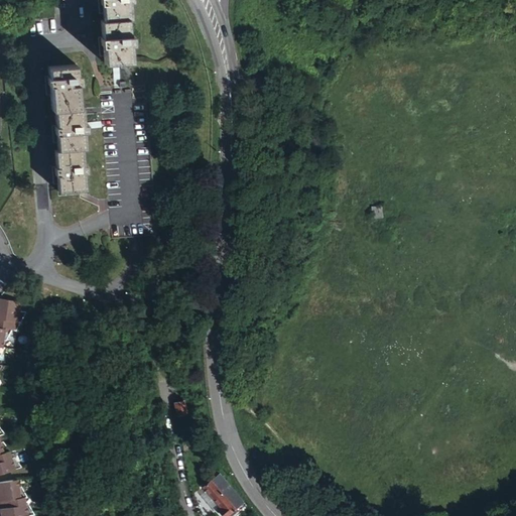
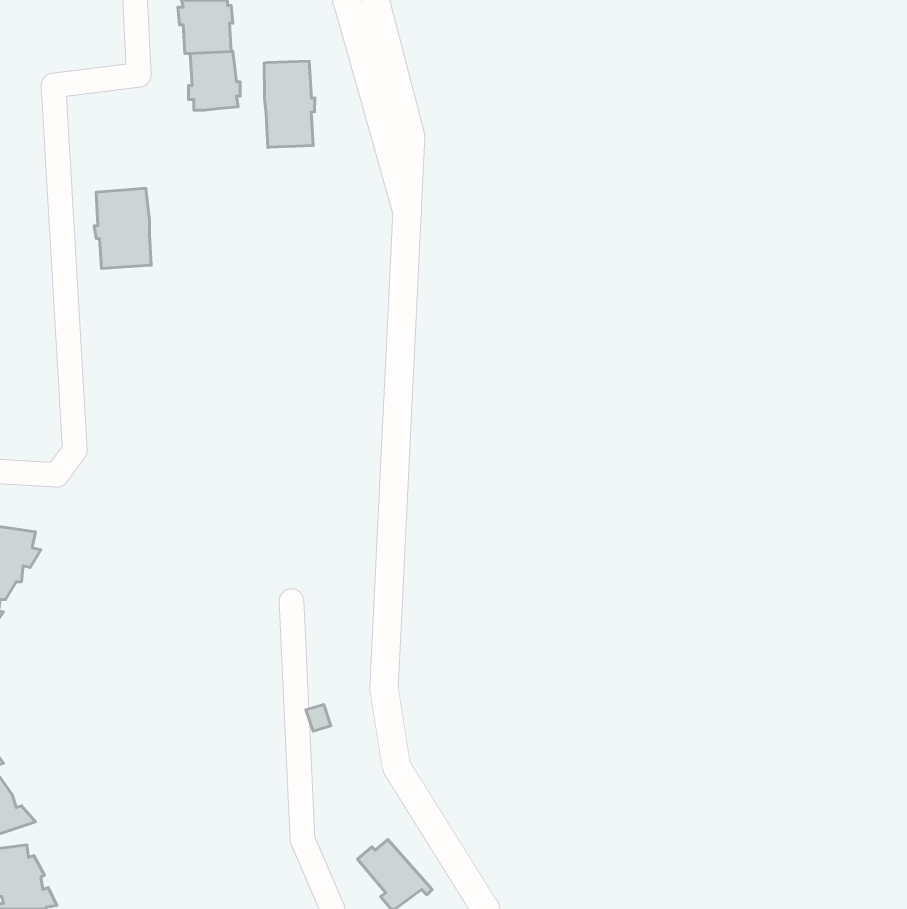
building: none -> [264,61,315,147]
building: [48,67,81,109] -> none
building: [57,150,89,192] -> none

